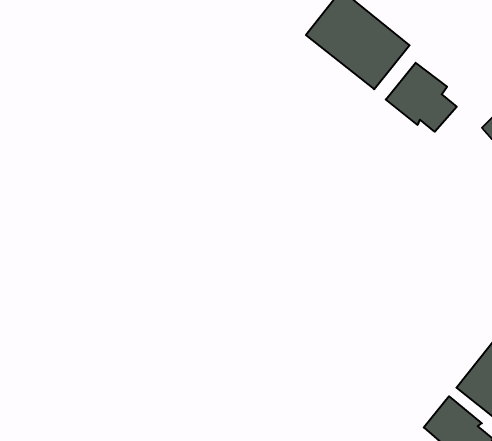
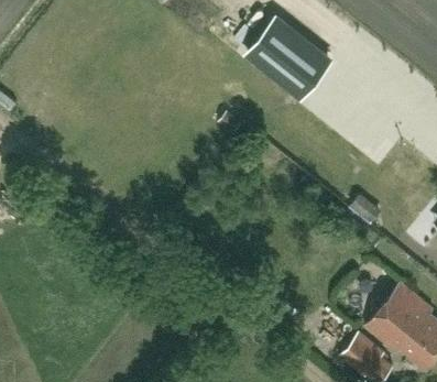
building: [386,63,457,132] -> none

